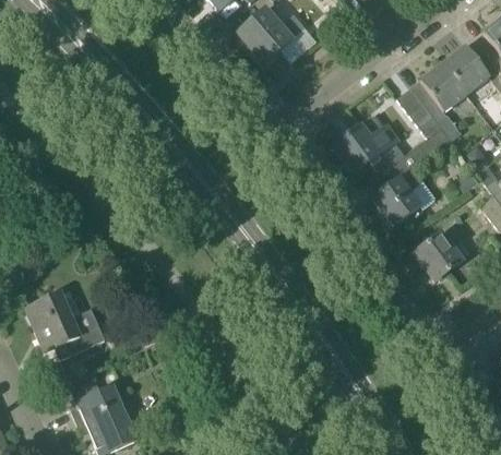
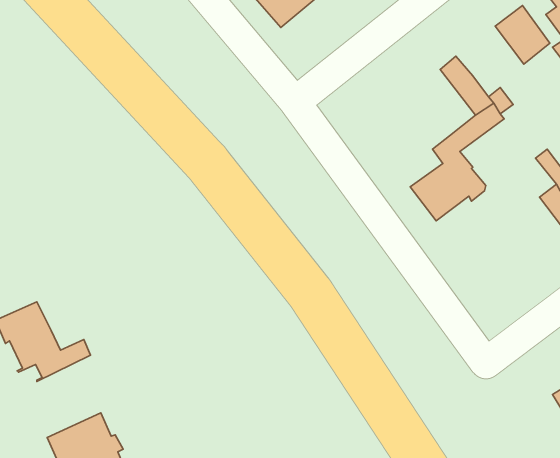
building: [419,62,467,111] -> none
building: [334,115,405,175] -> none
building: [414,232,472,280] -> none

